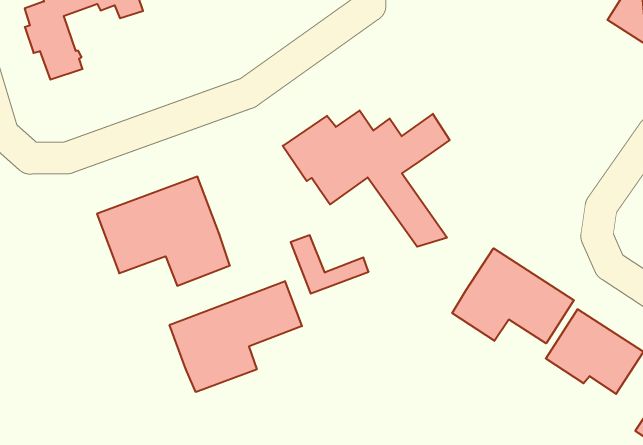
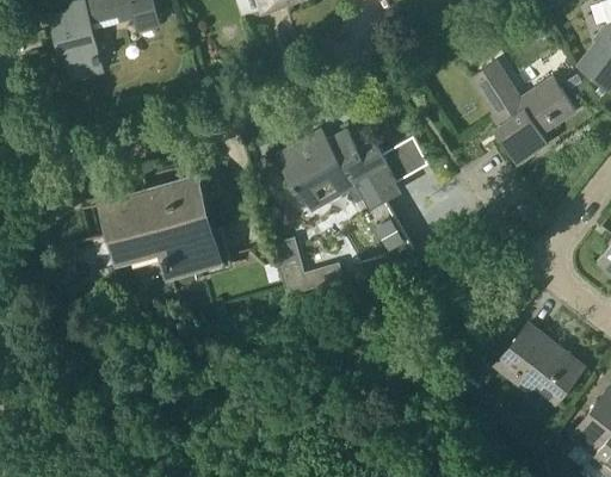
building: none -> [471,61,576,157]
building: [452,248,574,343] -> none
building: [170,281,302,392] -> none

